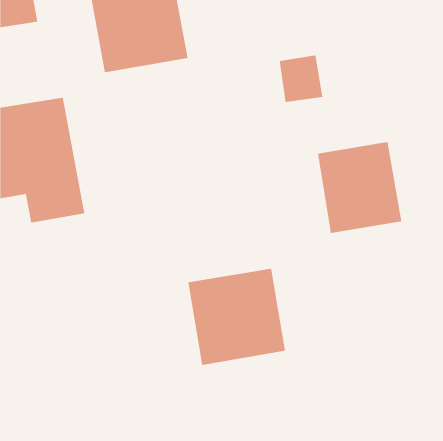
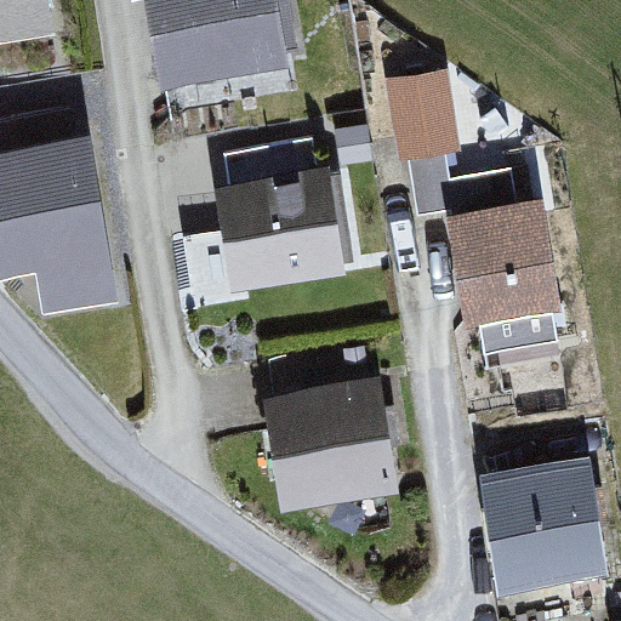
building: none -> [213,165,347,291]
building: none -> [479,456,608,593]

